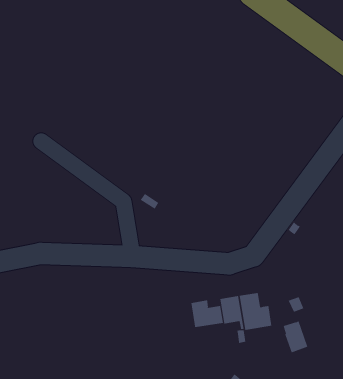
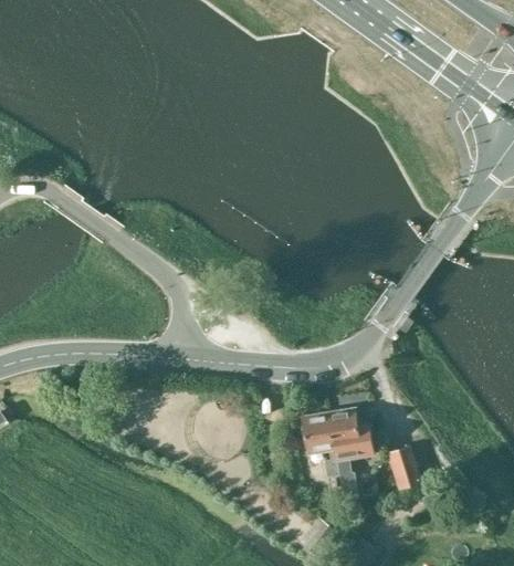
building: [191,300,223,328] -> none

